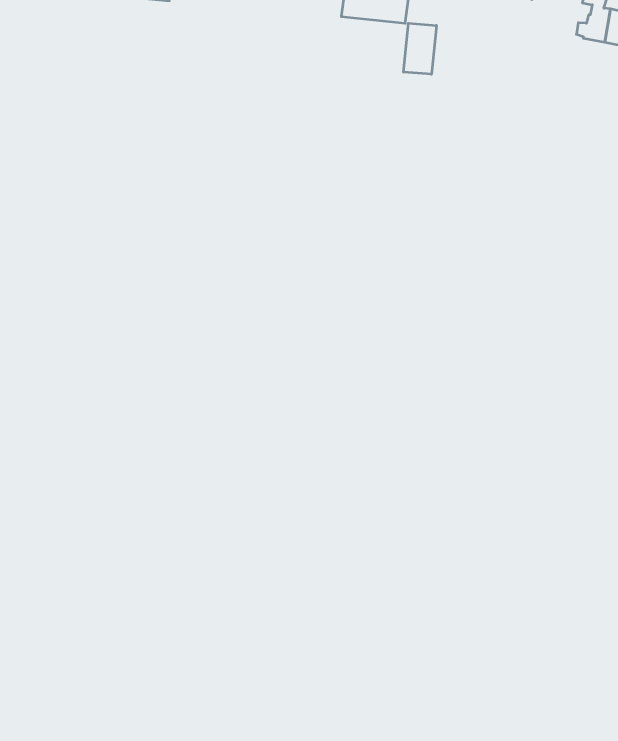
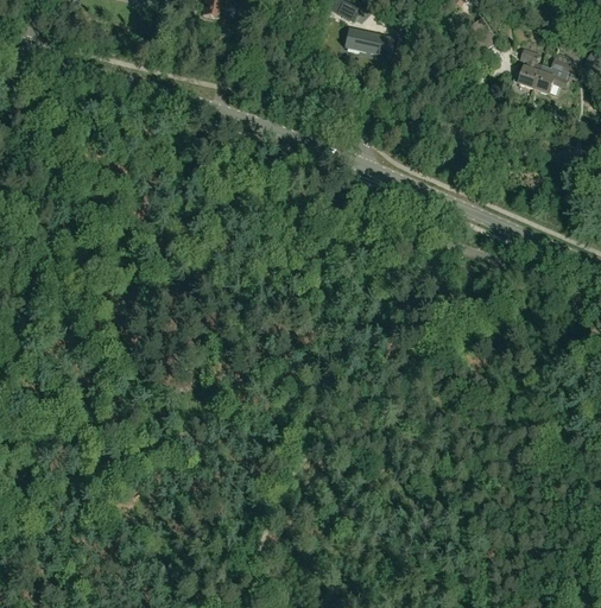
building: [403,23,436,74] -> none

